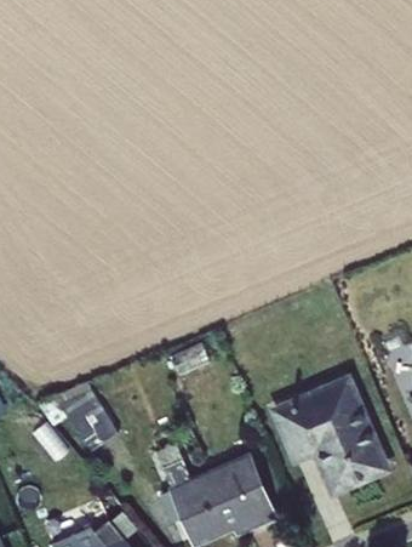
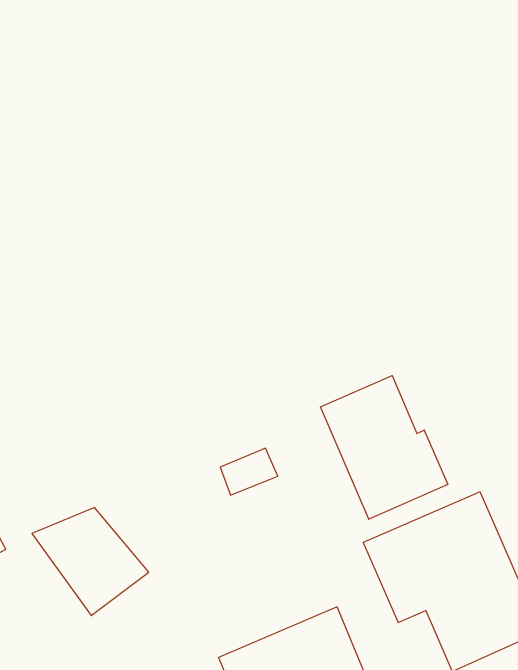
building: none -> [321,376,448,519]

